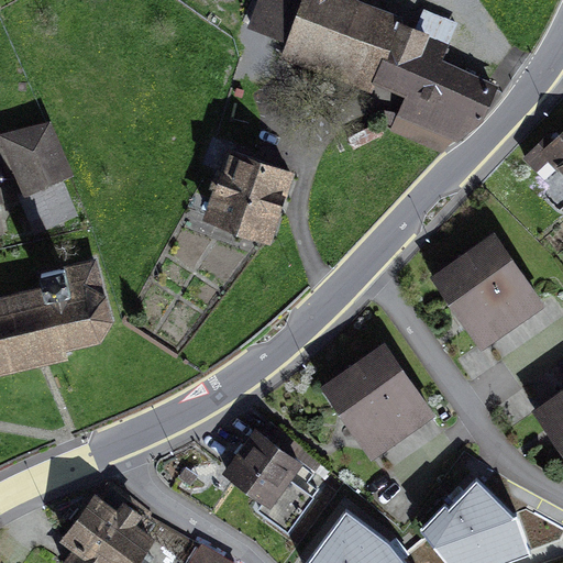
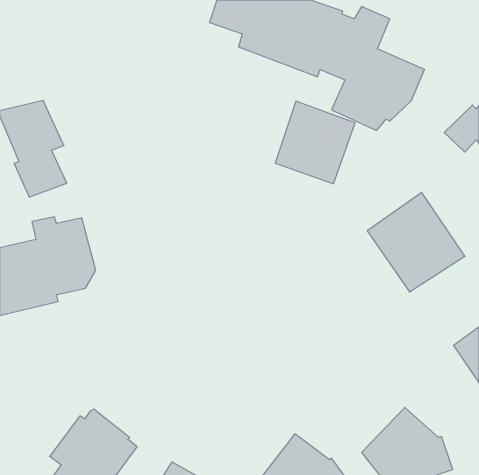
building: [202,146,296,243] -> [275,101,355,184]
building: [319,340,435,460] -> none
building: [220,428,330,536] -> none

